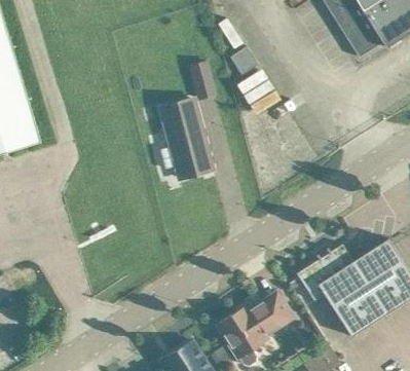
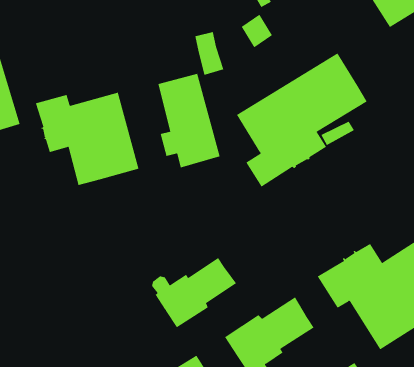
building: none -> [236,53,368,188]
building: none -> [35,92,139,186]
building: none -> [152,257,237,328]

